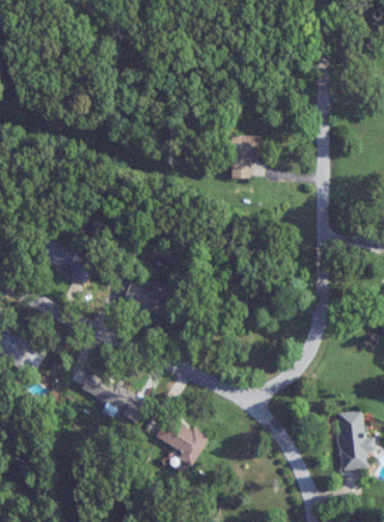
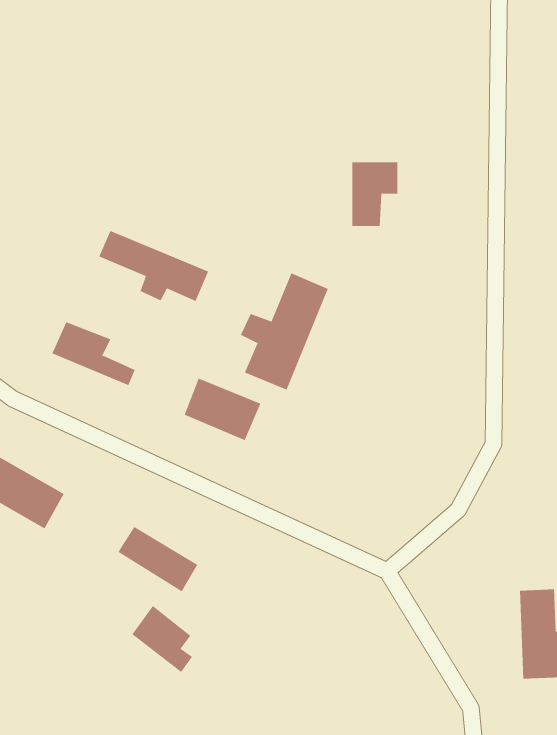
building: none -> [99,230,209,302]
building: none -> [240,273,329,390]
building: [158,417,197,461] -> [132,605,193,673]

